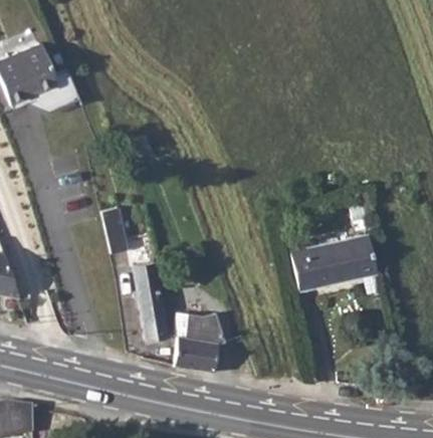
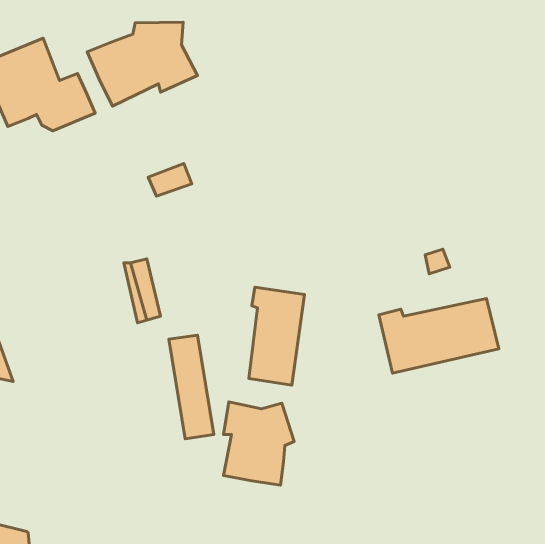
building: none -> [87,22,198,106]
building: none -> [249,287,305,385]

